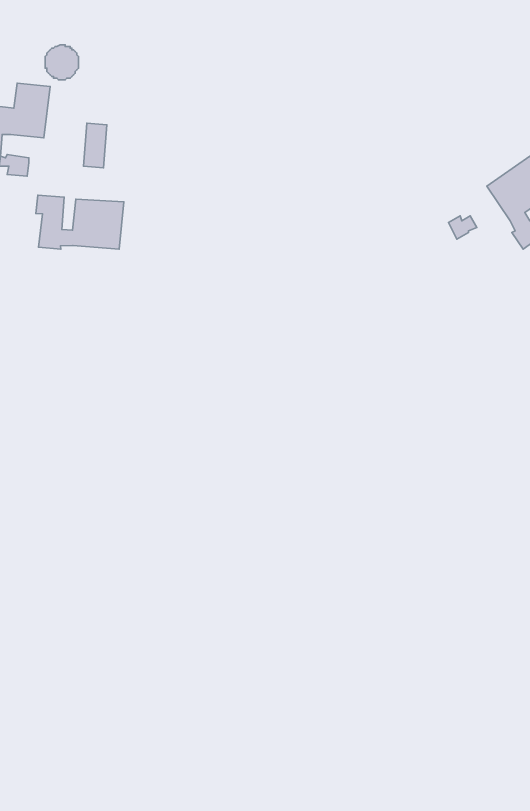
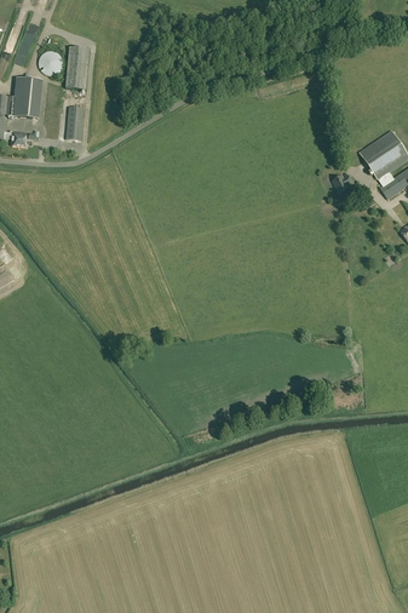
building: none -> [65,46,90,90]
building: [36,195,124,249] -> none

